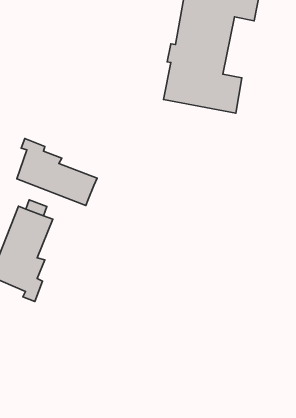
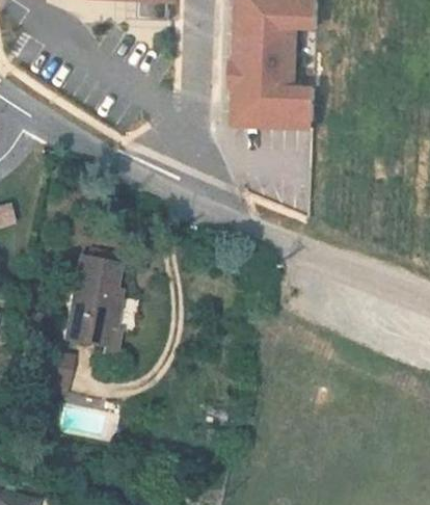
building: [17,139,97,205] -> none

